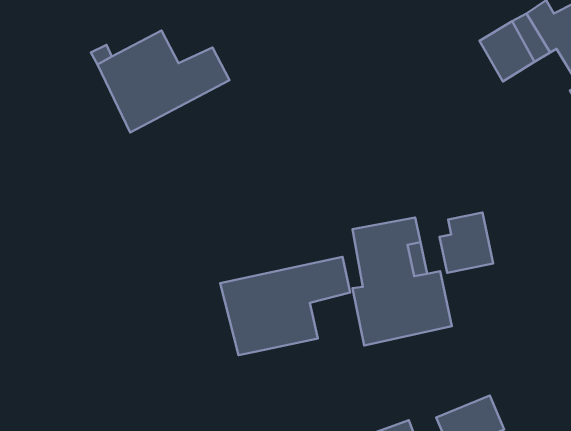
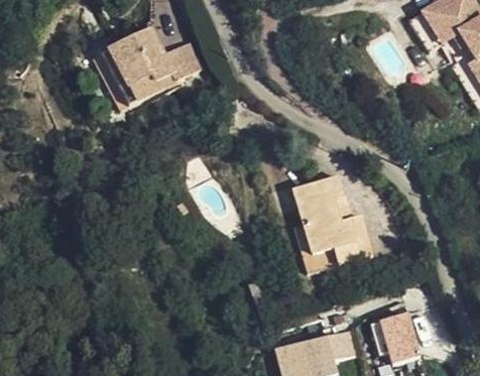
building: [439,213,493,273] -> none
building: [220,257,350,355] -> none

